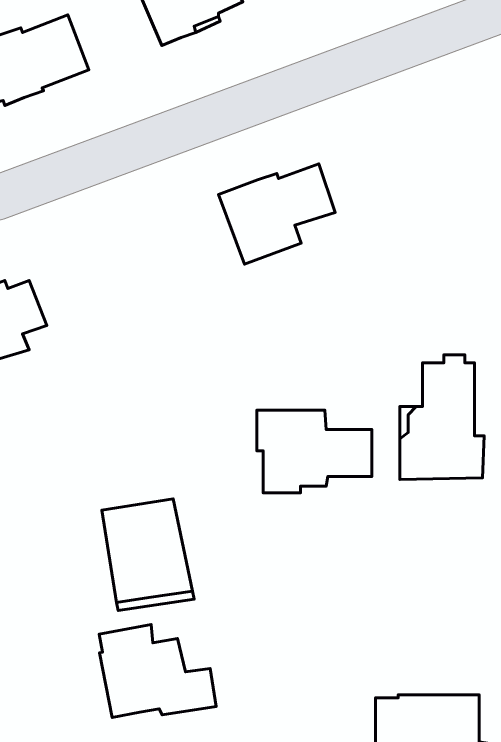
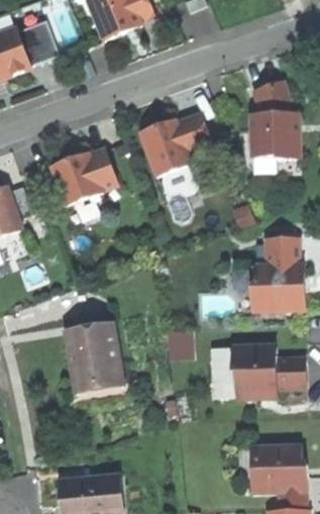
building: none -> [250,81,298,159]
building: none -> [50,147,117,205]
building: [257,410,372,493] -> [233,345,305,397]
building: [99,625,216,717] -> none

